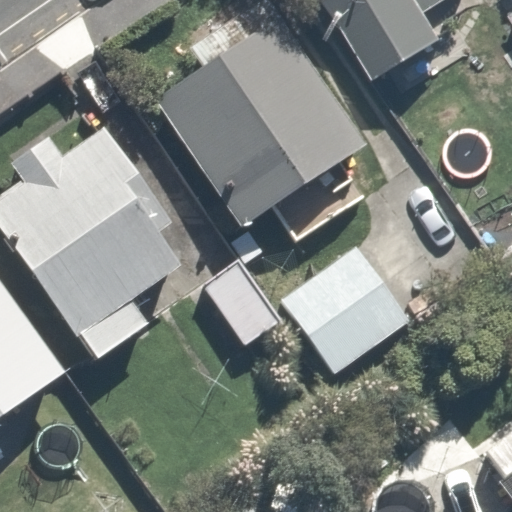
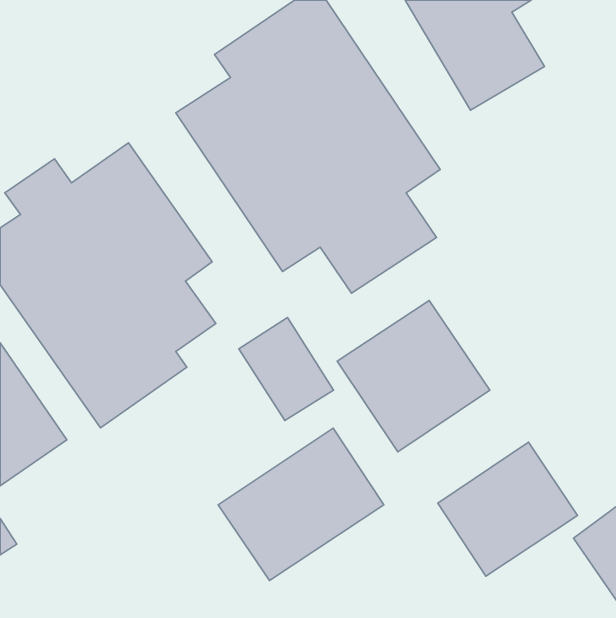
building: none -> [218,428,384,580]
building: none -> [438,442,577,576]

